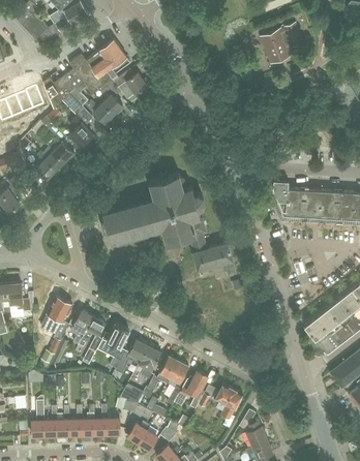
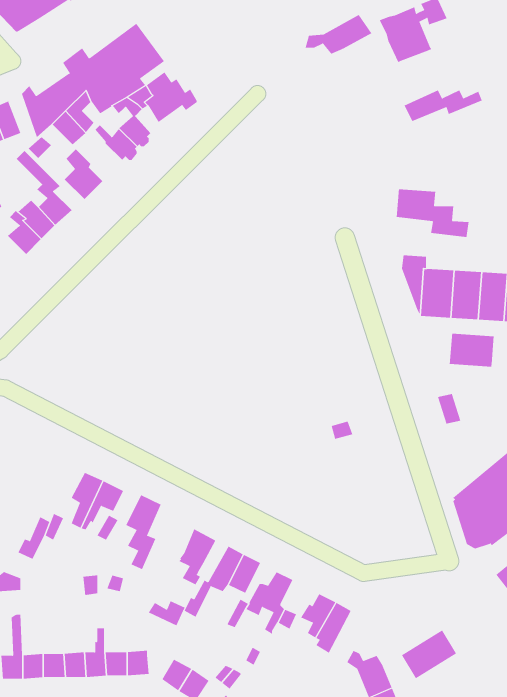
building: none -> [305,14,372,54]
building: none -> [404,89,483,122]
building: none -> [396,188,469,238]
building: [101,173,236,276] -> none
building: none -> [449,333,494,368]
building: [41,297,71,335] -> none
building: [115,339,147,373] -> none
building: none -> [401,630,457,679]

